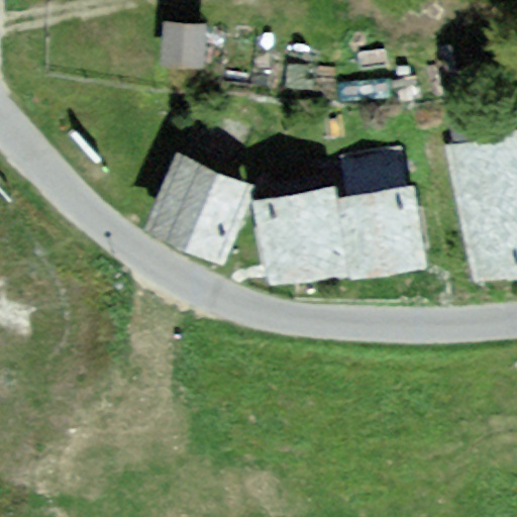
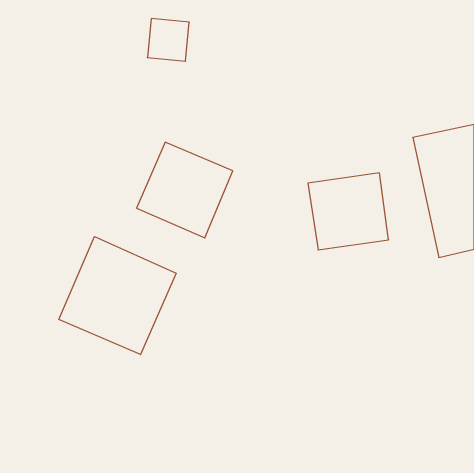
building: [252,188,346,286] -> none
building: none -> [59,237,176,355]

